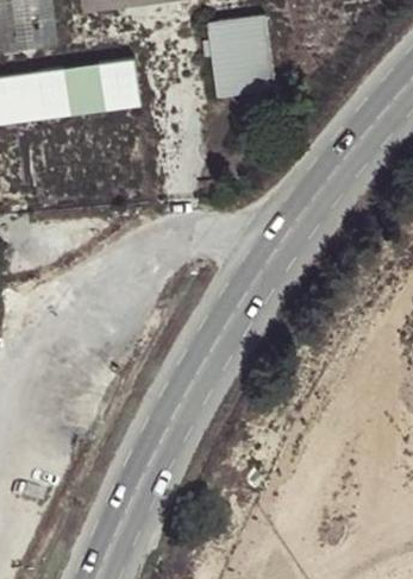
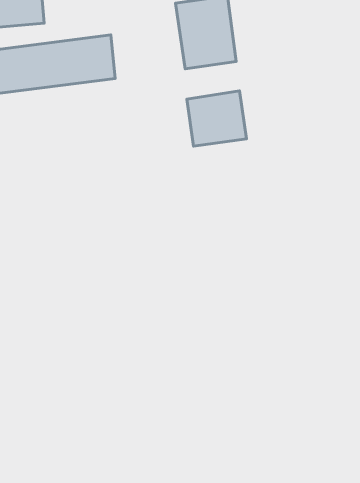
building: none -> [187,91,246,146]

